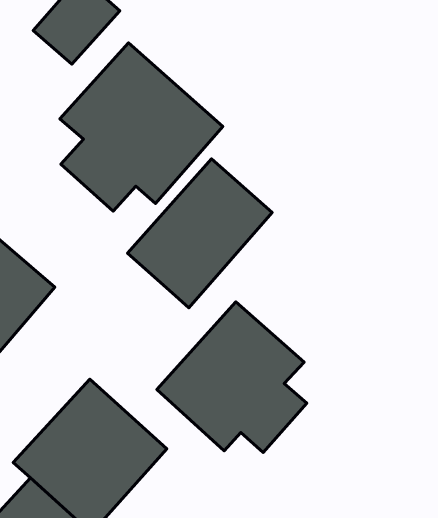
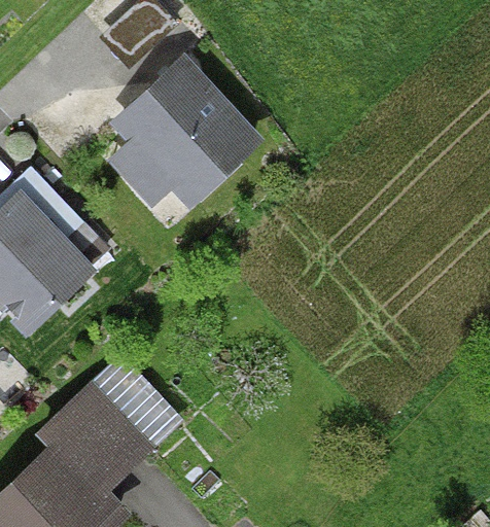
building: [127,159,272,308] -> none
building: [157,302,307,452] -> none

